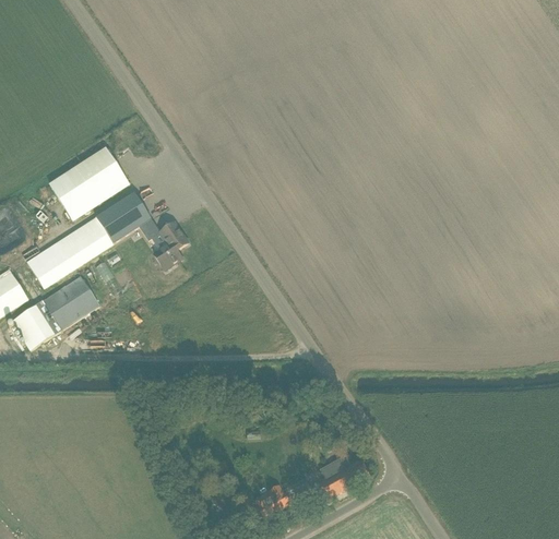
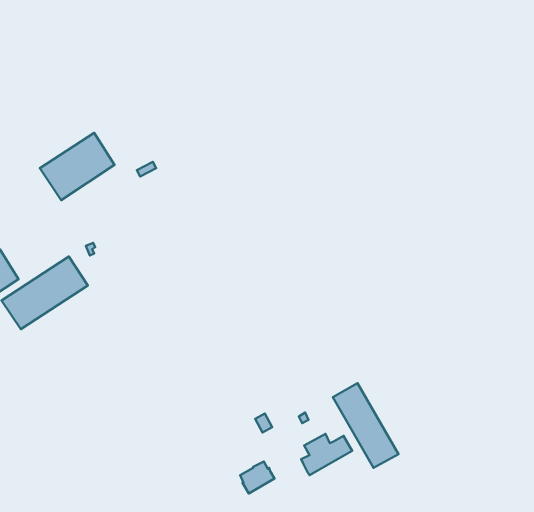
building: [27,192,152,288] -> none
building: [155,221,189,270] -> none
building: none -> [333,383,398,468]

